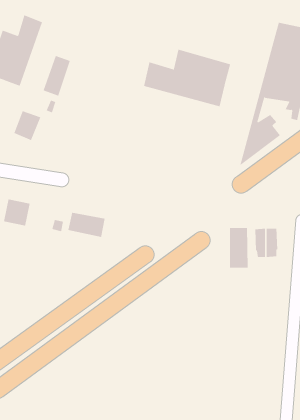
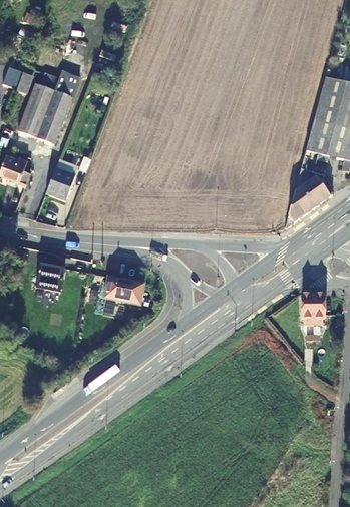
building: [143,49,231,107] -> none
building: [43,55,71,96] -> none
building: [229,227,248,269] -> none

